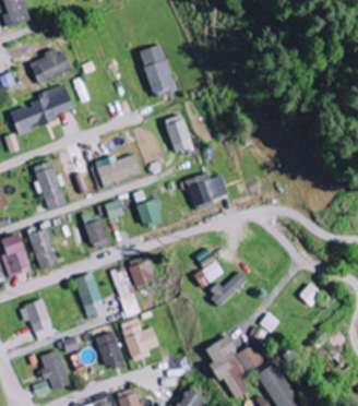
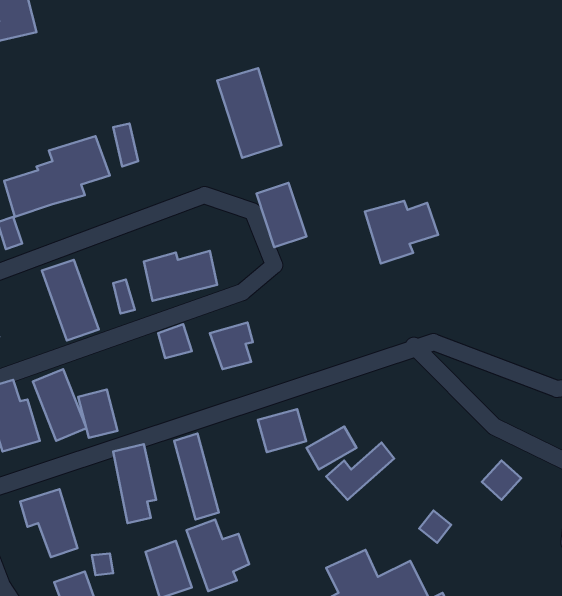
building: [29,47,71,84] -> none
building: [184,172,229,211] -> [365,201,438,264]
building: [84,218,108,248] -> [78,390,118,438]
building: [128,259,157,285] -> [258,409,306,452]

